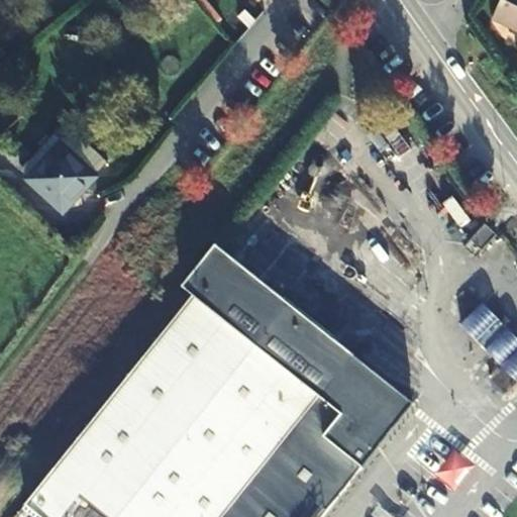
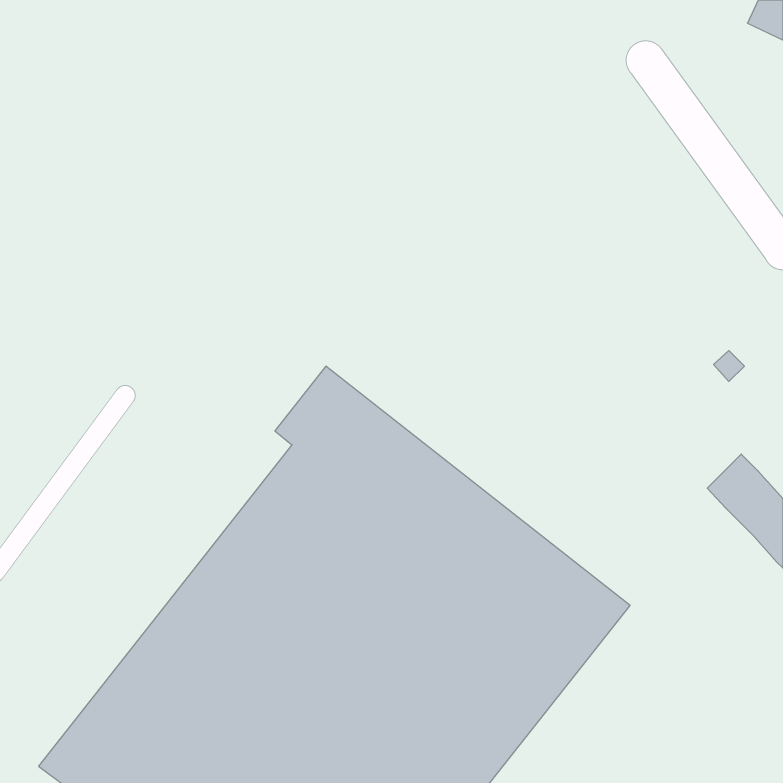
building: [13,125,100,213] -> none

